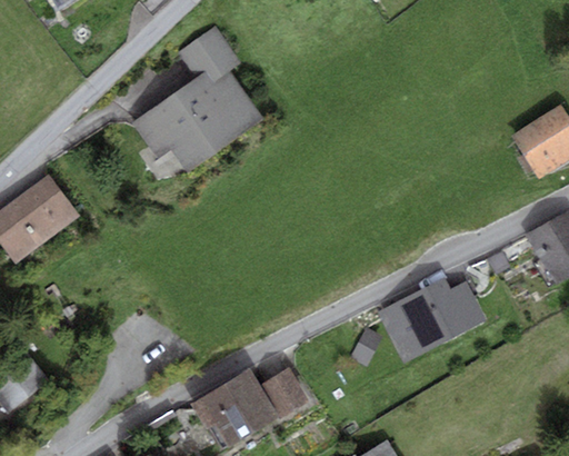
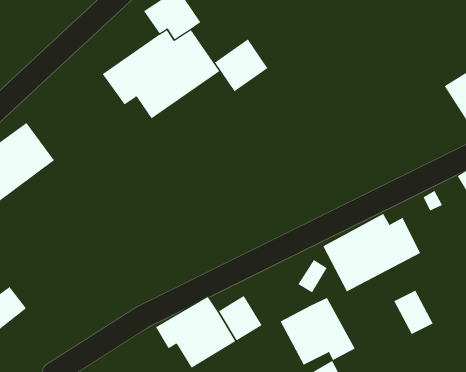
building: none -> [214,39,268,92]
building: none -> [394,290,433,335]
building: none -> [280,297,355,365]

